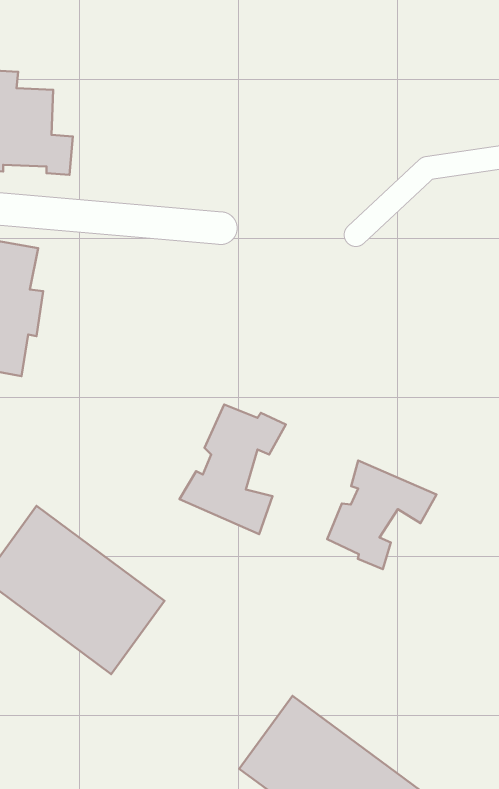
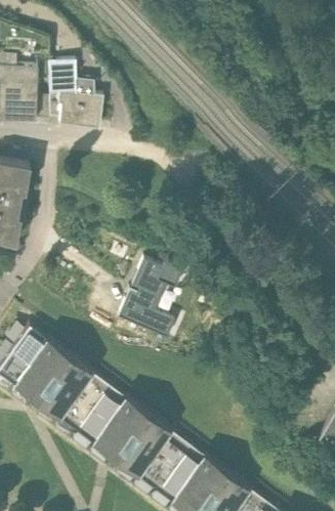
building: none -> [52,62,103,124]
building: [327,460,436,569] -> none
building: none -> [74,382,185,485]

